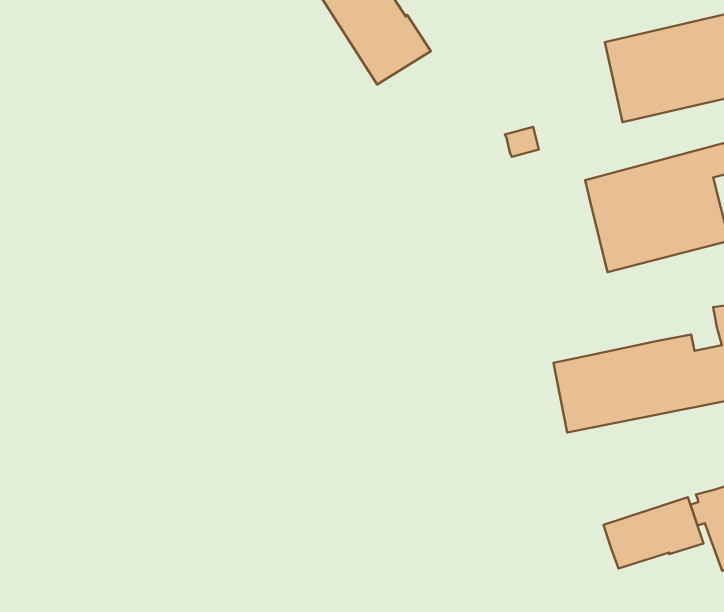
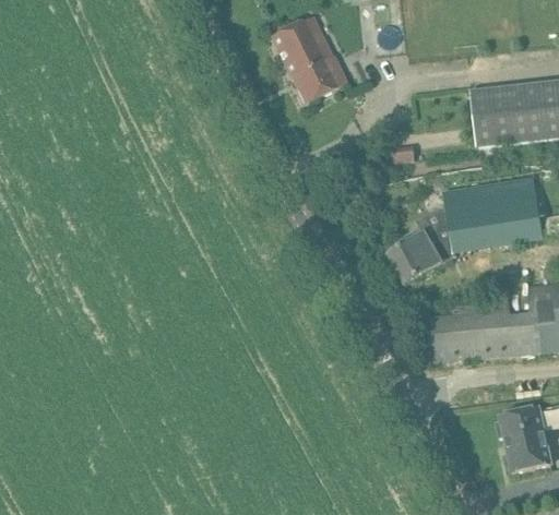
building: none -> [388,203,459,286]
building: [603,497,704,569] -> none

